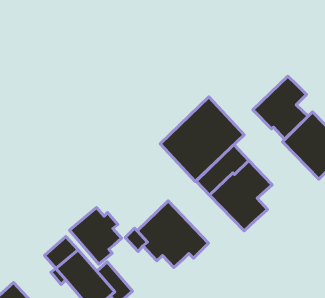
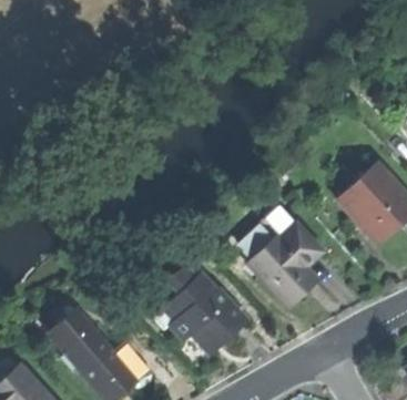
building: [253,76,308,139] -> none
building: [160,97,244,182] -> none
building: [70,207,121,264] -> none

